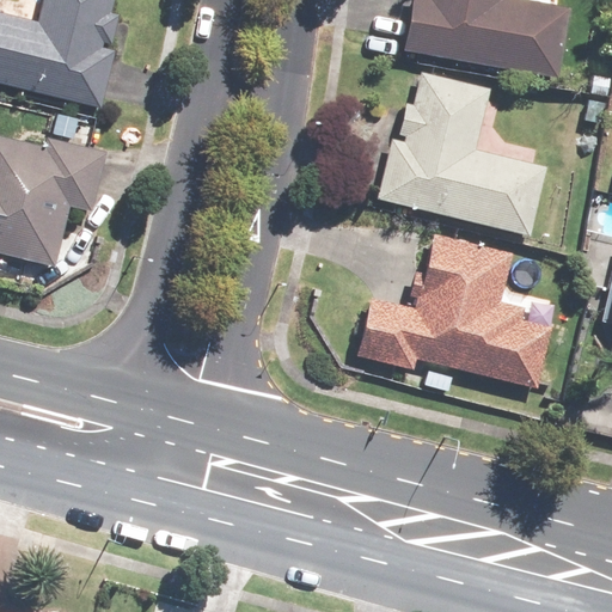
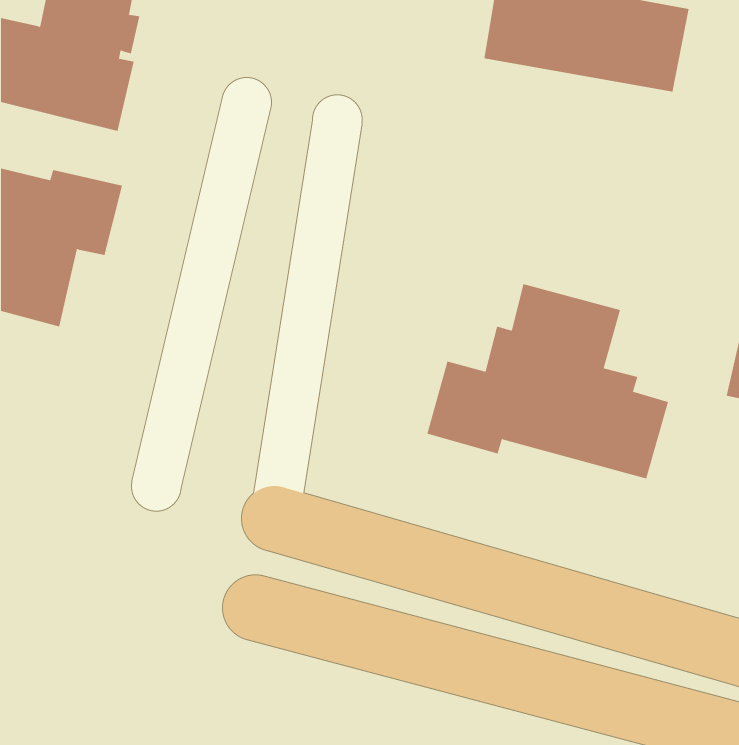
building: [377,73,545,233] -> none

